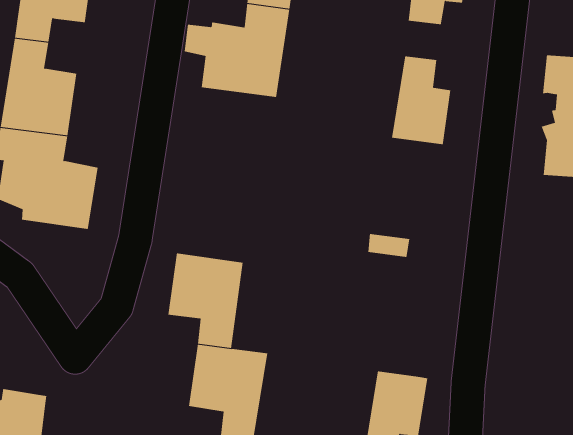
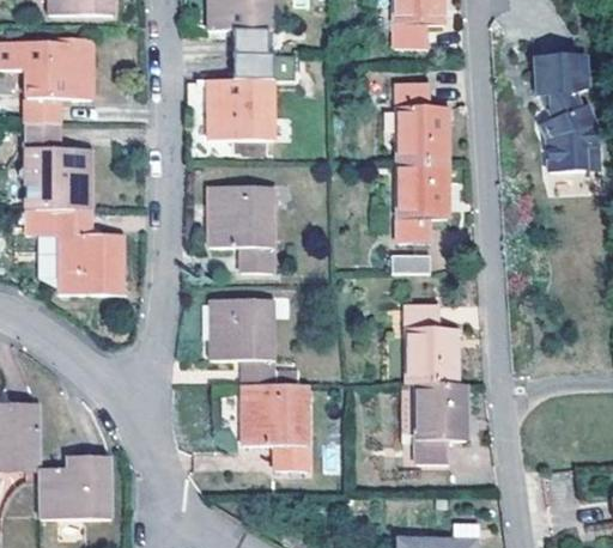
building: none -> [210,187,275,270]
building: none -> [395,159,445,239]
building: none -> [407,304,457,382]

